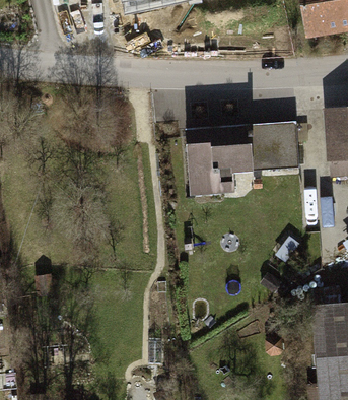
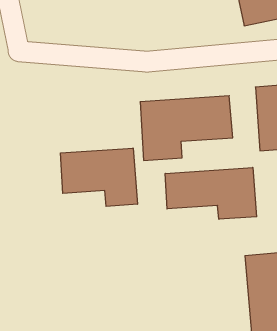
building: none -> [61,148,137,206]
building: none -> [165,167,257,219]

